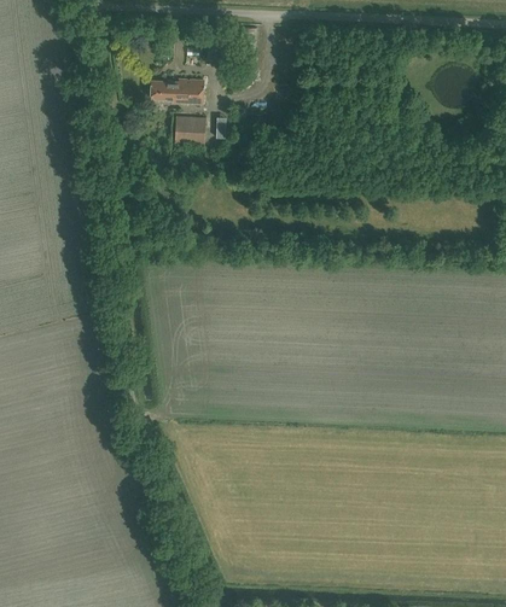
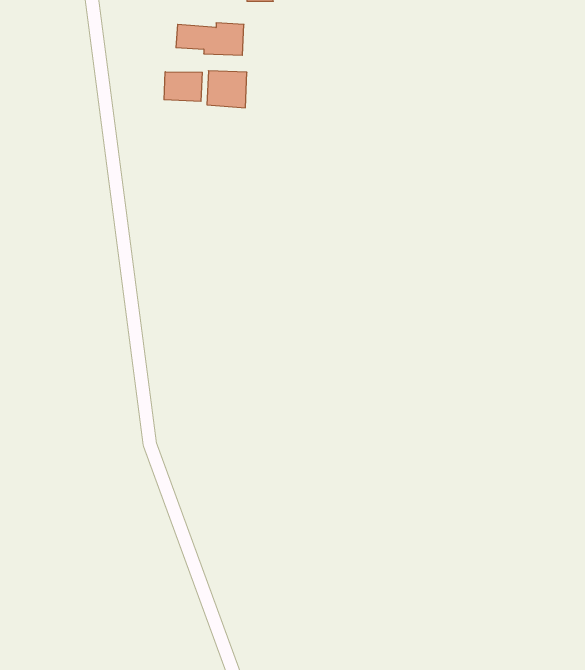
building: none -> [164,72,202,101]

